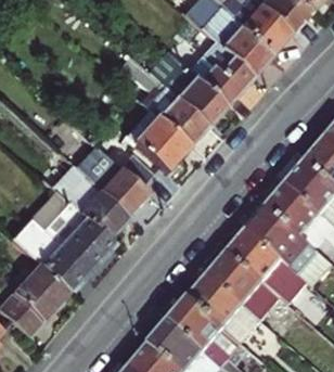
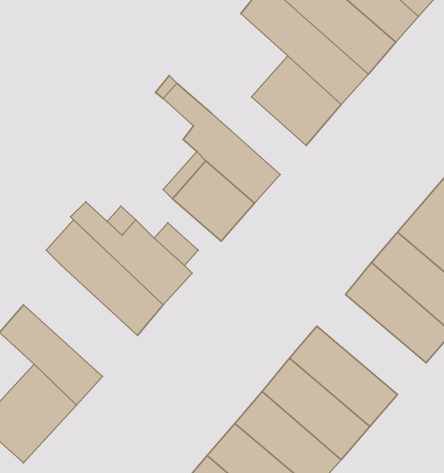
building: [163,63,230,126] -> none
building: [28,191,113,272] -> none
building: [237,211,316,283] -> none

